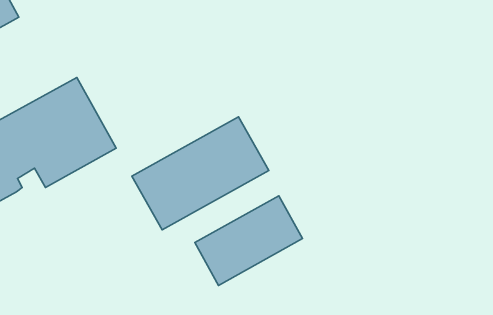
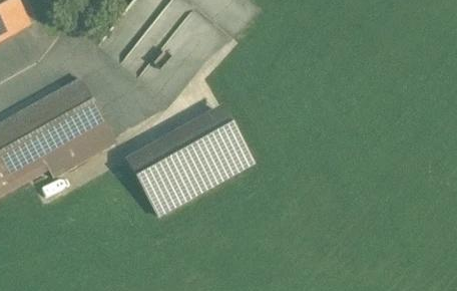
building: [195,196,303,286] -> none

